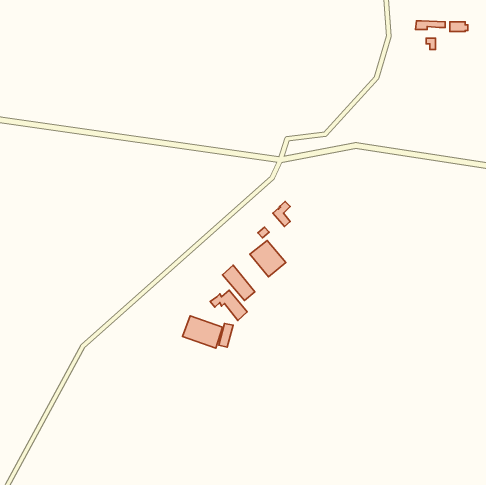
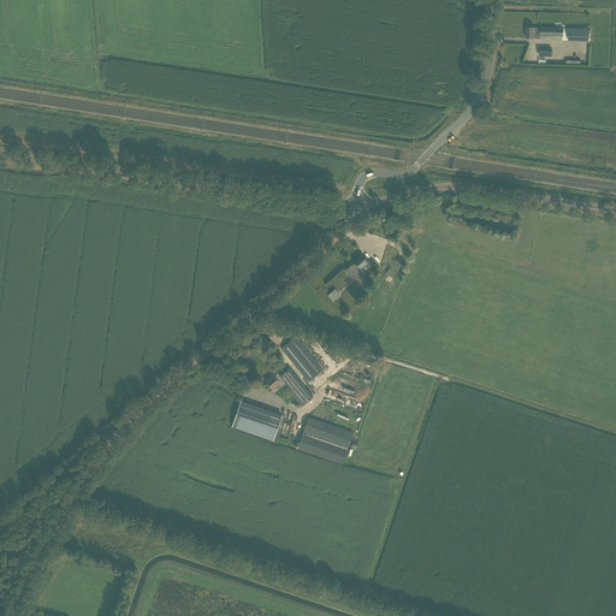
building: [250,241,286,277] -> none
building: none -> [297,415,354,463]

